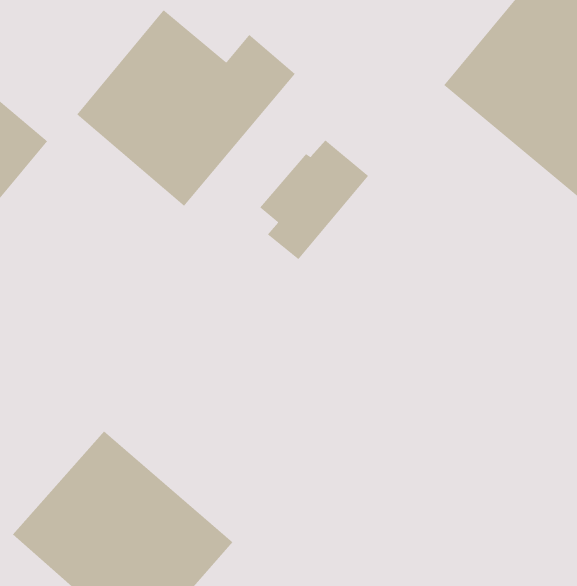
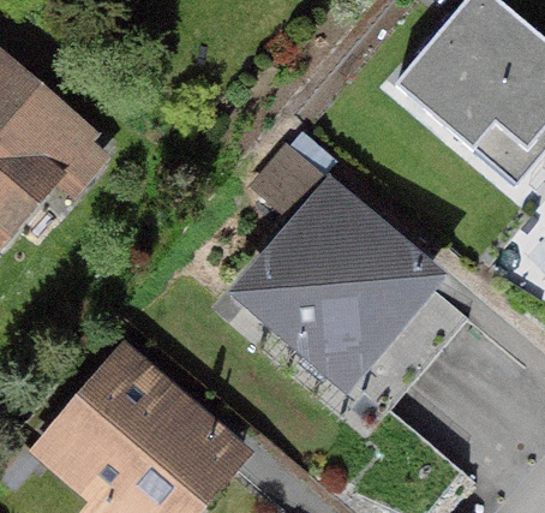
building: [76,9,296,207] -> none
building: none -> [253,201,421,369]

